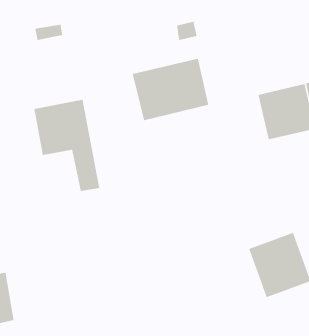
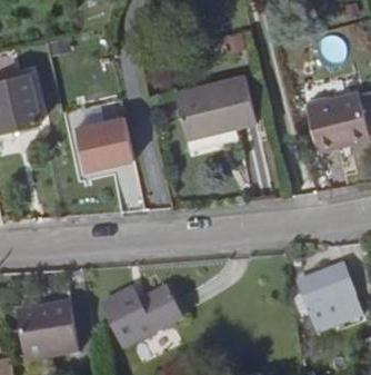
building: none -> [100,279,182,342]
building: none -> [42,296,79,351]

